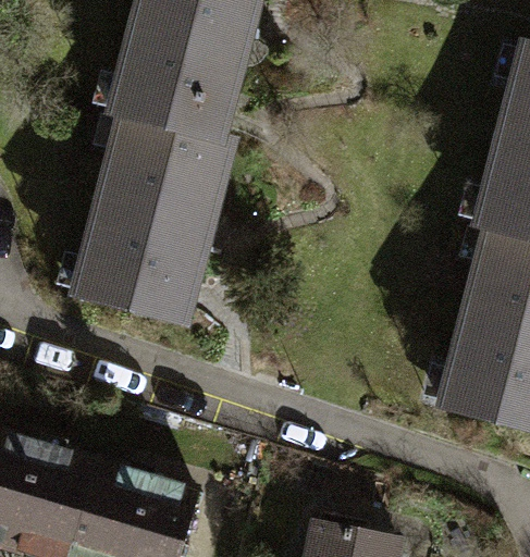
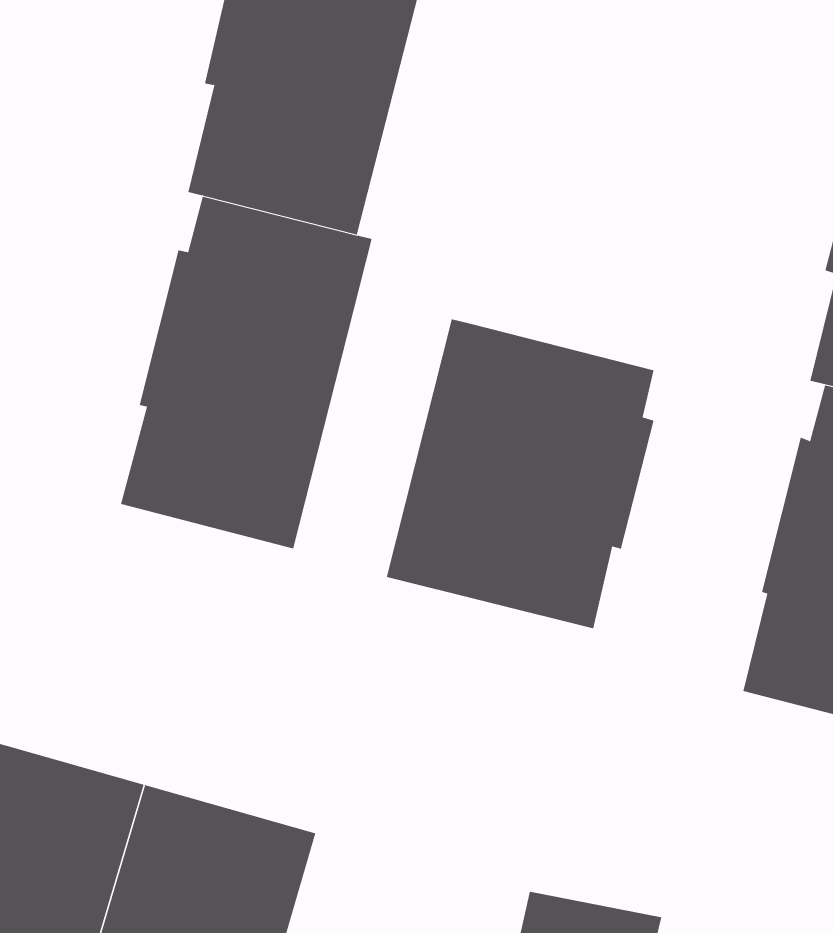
building: none -> [386,318,654,629]

